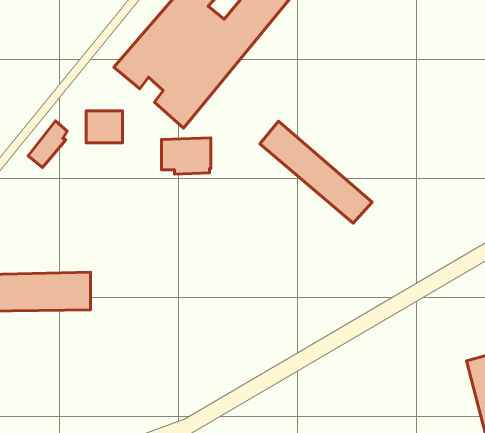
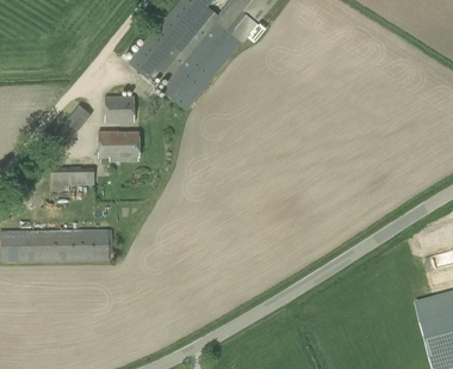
building: [260,121,372,223] -> none
building: [162,138,211,174] -> [98,131,138,161]
building: none -> [50,167,94,190]

